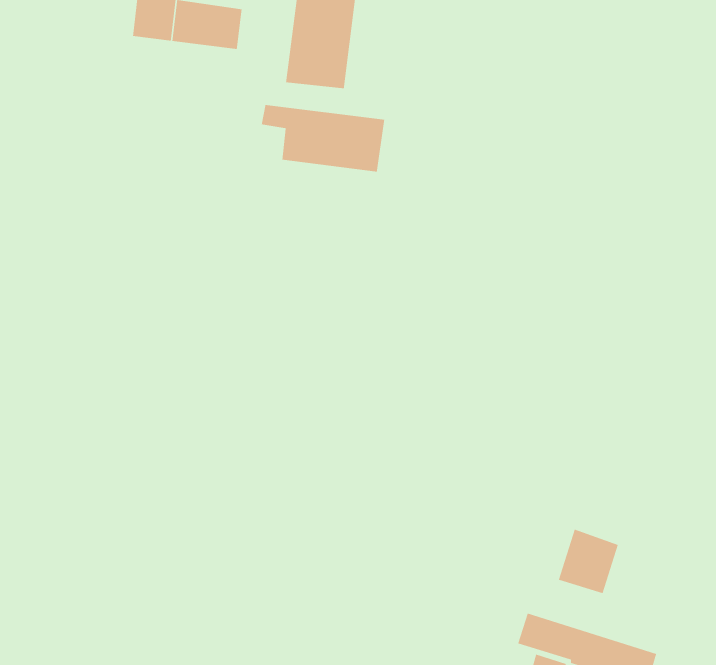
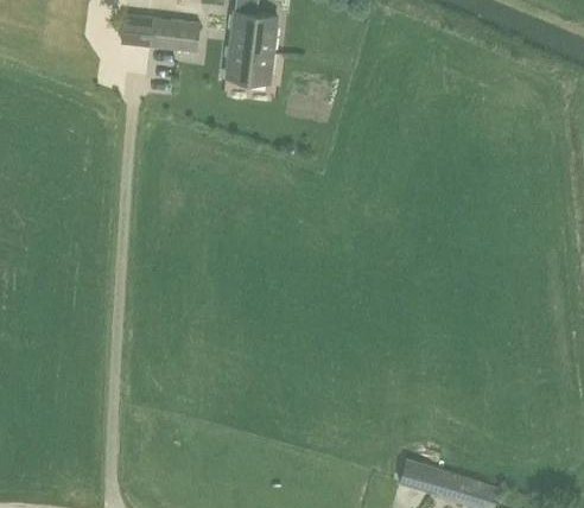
building: [261,104,385,172] -> none
building: [558,529,619,594] -> none

